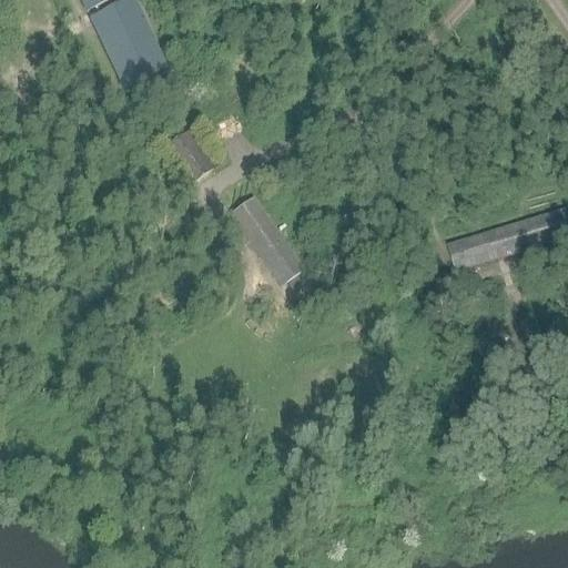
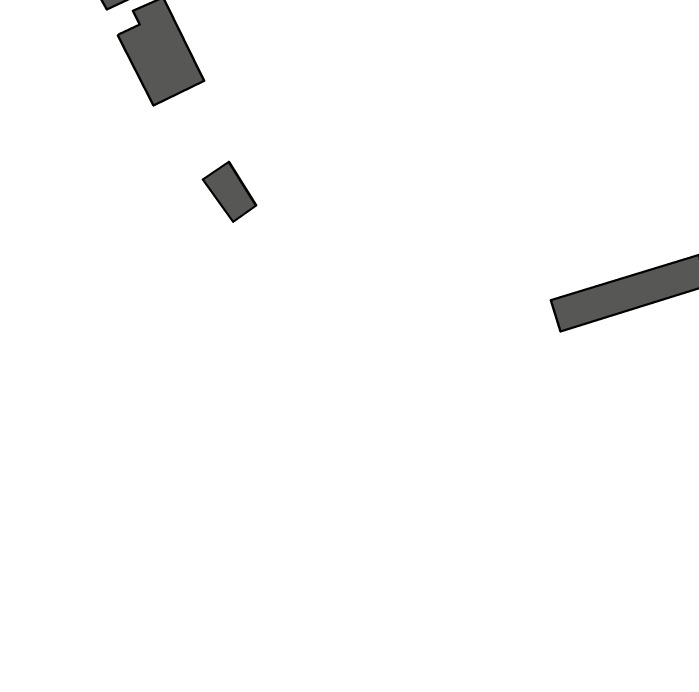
building: [231,194,304,283] -> none

